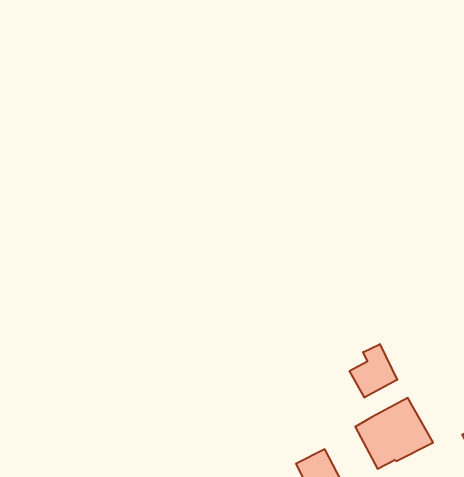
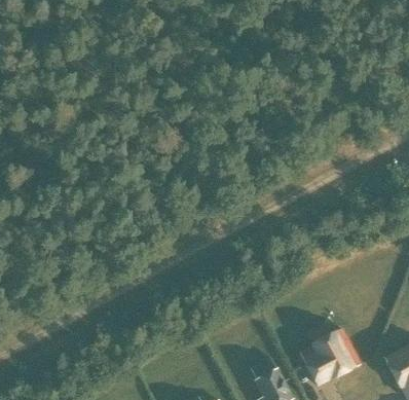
building: [350,344,397,398] -> none

